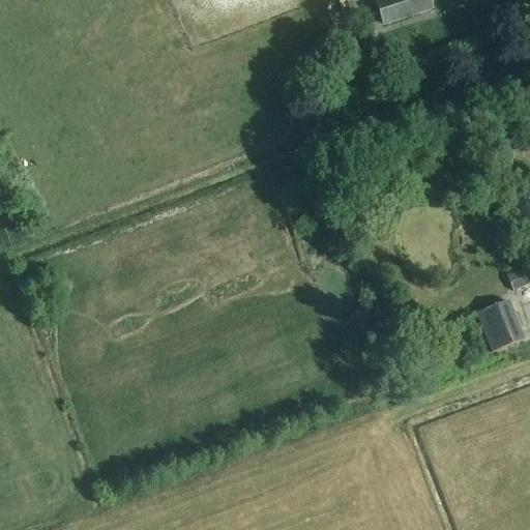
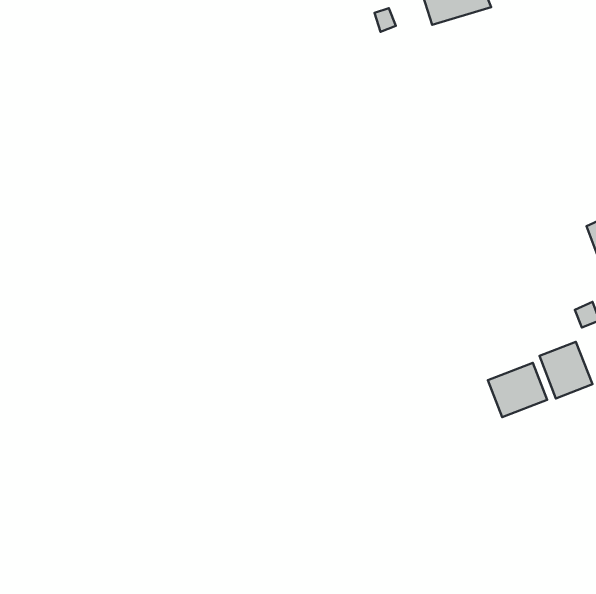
building: none -> [488,363,547,417]

